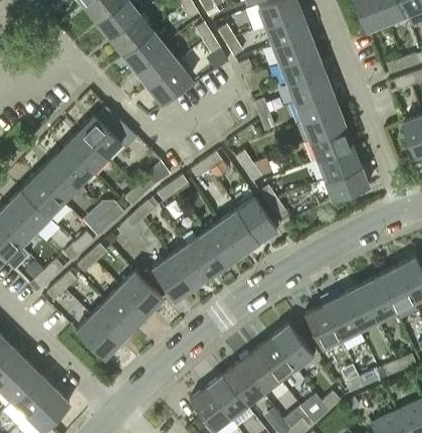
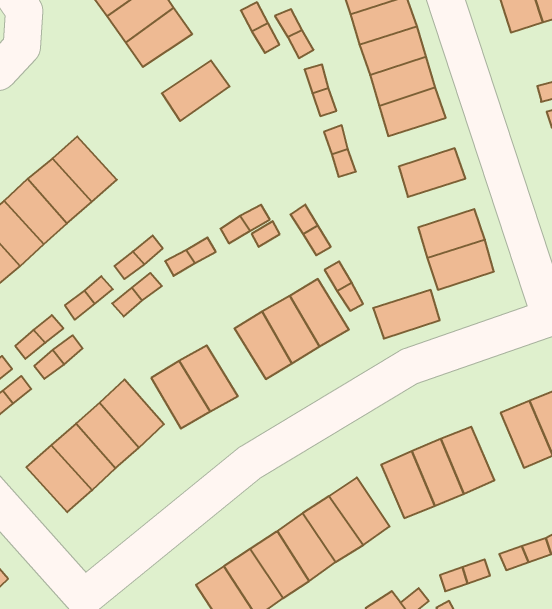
building: [135,46,178,86] -> none
building: [294,90,338,123] -> none
building: [309,128,353,161] -> [373,290,440,339]
building: [187,234,226,277] -> none
building: [360,277,395,320] -> none

